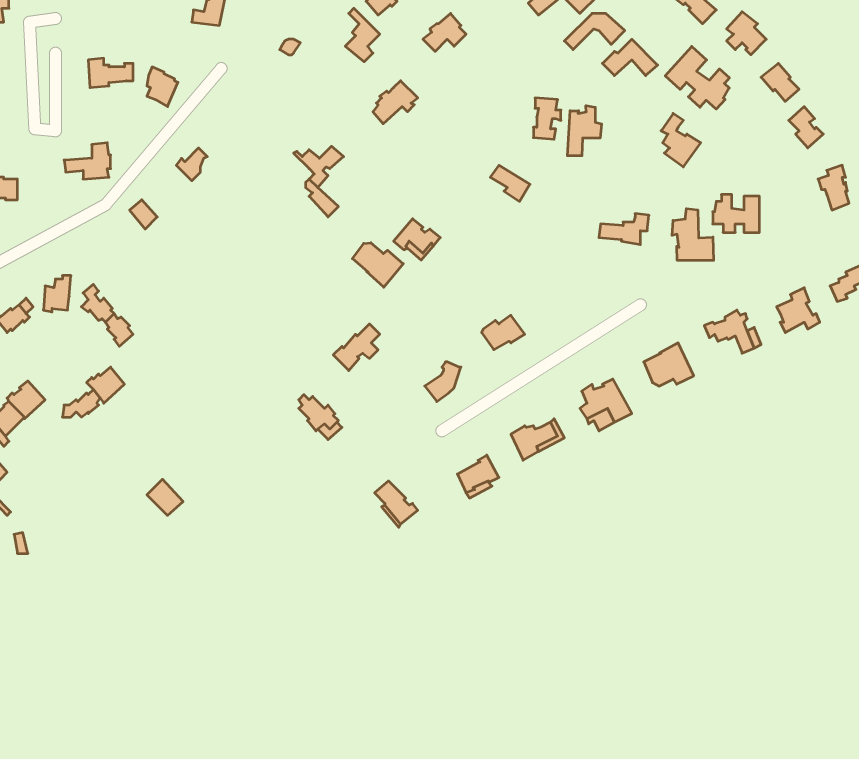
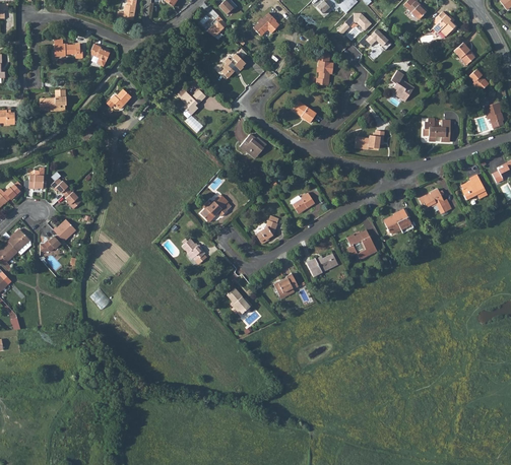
building: [665,46,729,109] -> none
building: [567,106,602,156] -> none
building: [672,209,714,260] -> none
building: [352,243,403,287] -> none

